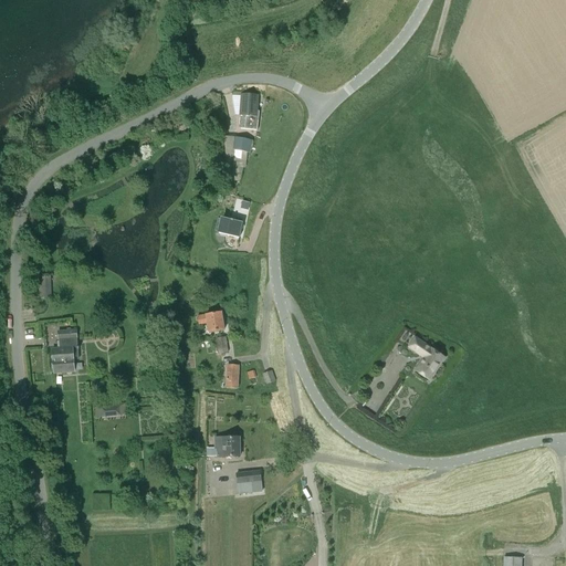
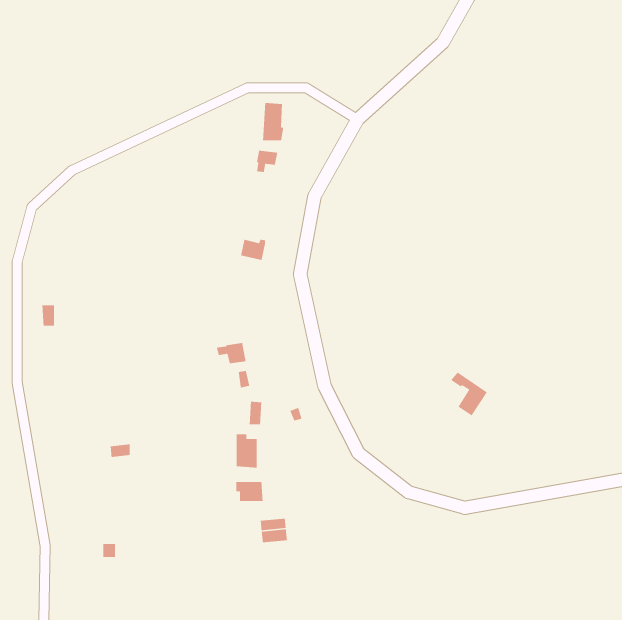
building: [51,328,77,370] -> none
building: none -> [236,434,257,468]

